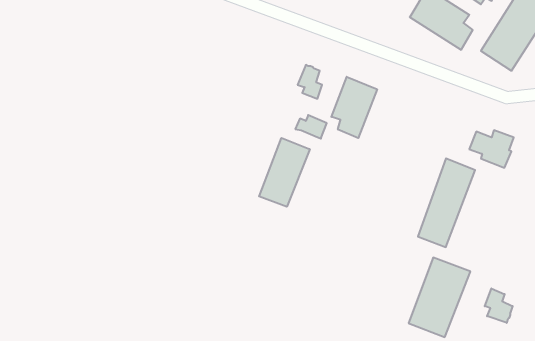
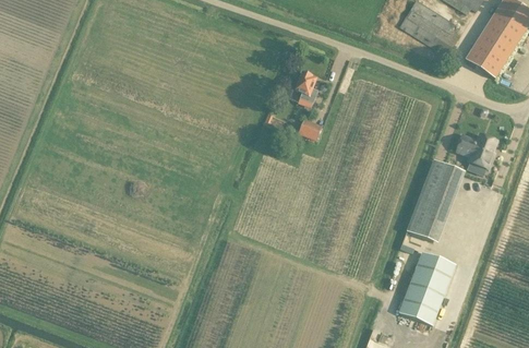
building: [331,77,377,138] -> none
building: [259,138,310,207] -> none
building: [485,288,513,323] -> none

